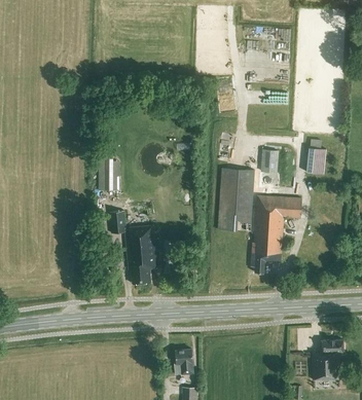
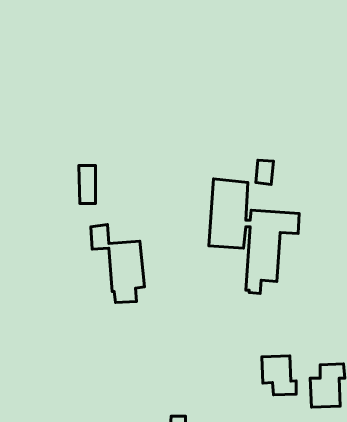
building: [306,148,326,174] -> none
building: none -> [262,356,296,395]
building: [174,349,194,374] -> none

